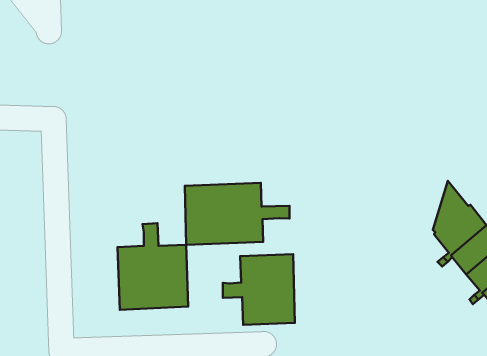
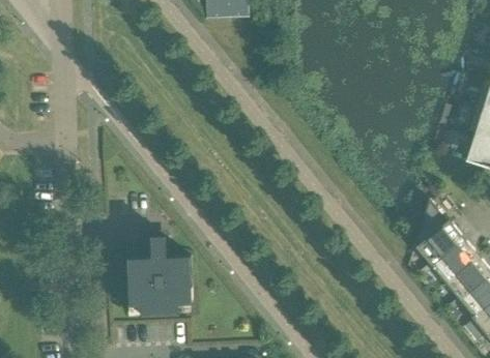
building: [185,183,290,245] -> none
building: [223,254,295,325] -> none

